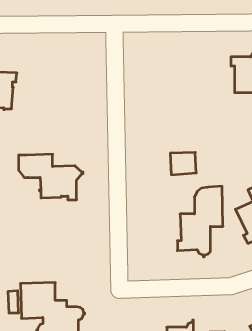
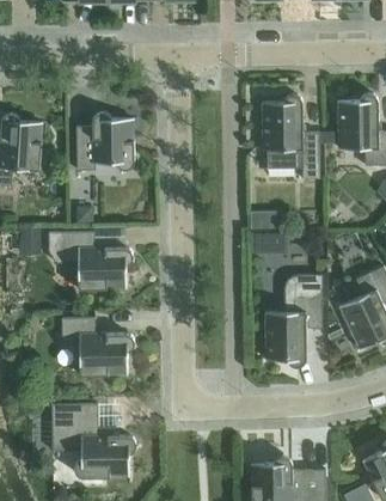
building: none -> [258,92,320,177]
building: none -> [76,110,137,171]
building: none -> [61,317,136,378]

